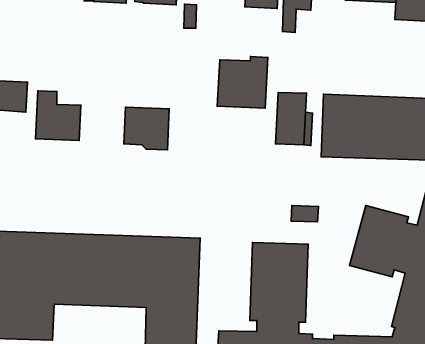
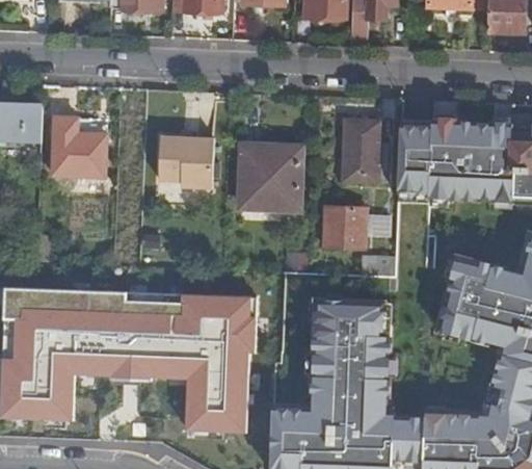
building: [217,57,268,108] -> [240,148,301,210]
building: none -> [323,207,367,250]

